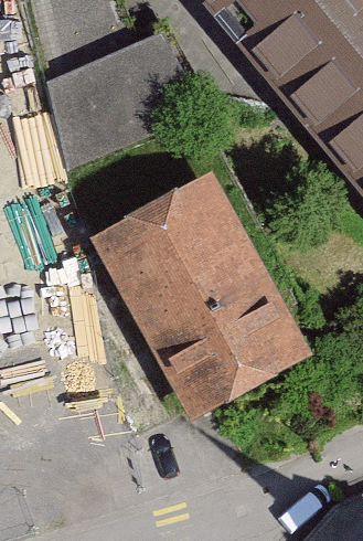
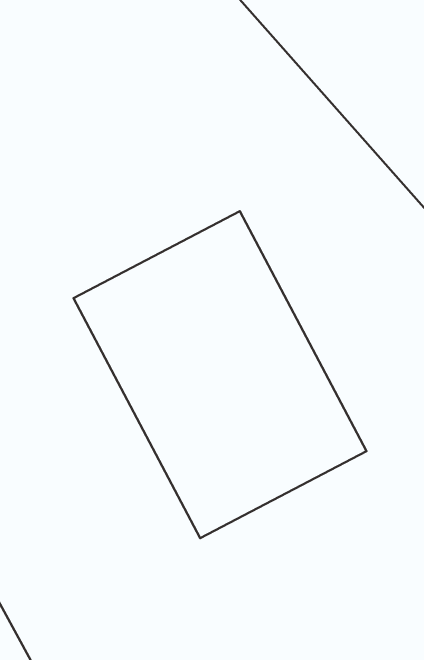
building: [51,34,205,173] -> none

